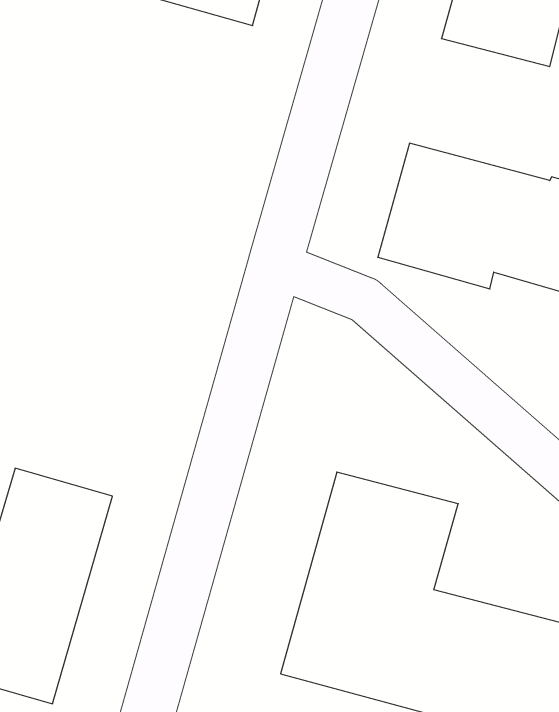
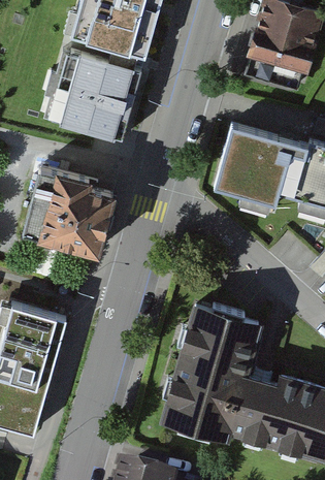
building: none -> [43,53,141,141]
building: none -> [25,167,112,250]

